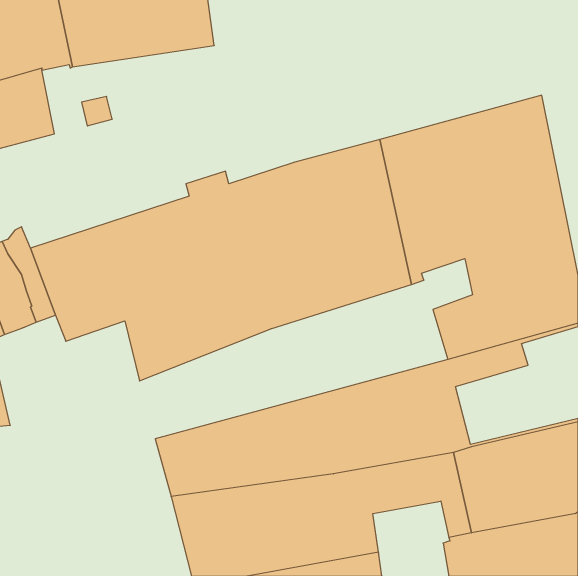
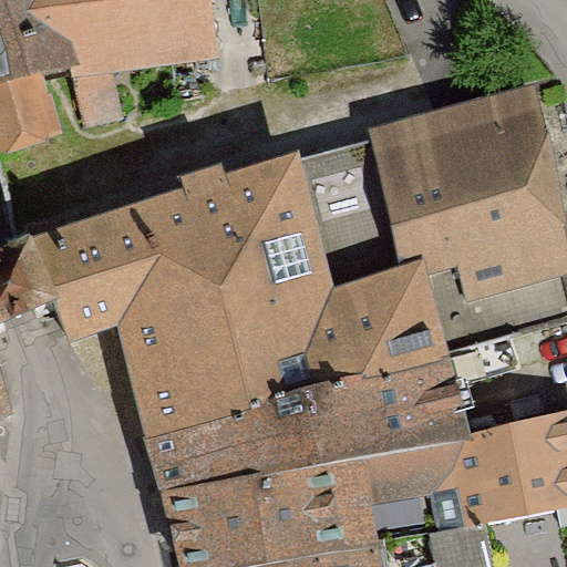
building: none -> [136,274,437,429]

